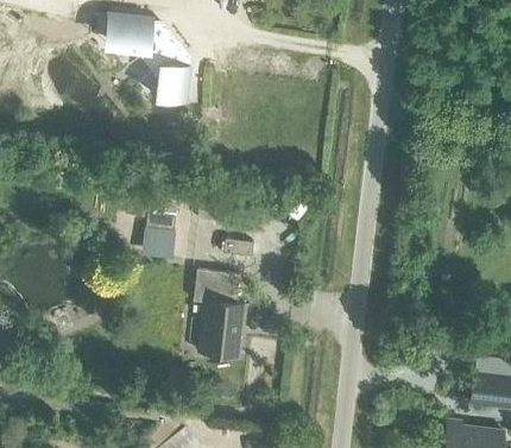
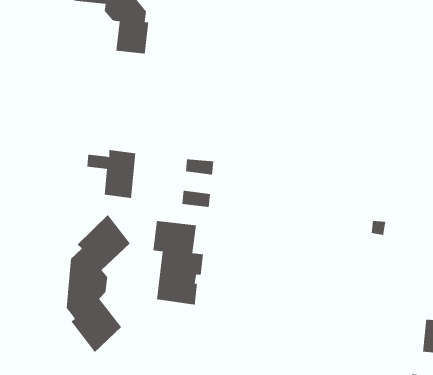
building: none -> [66,214,130,353]

